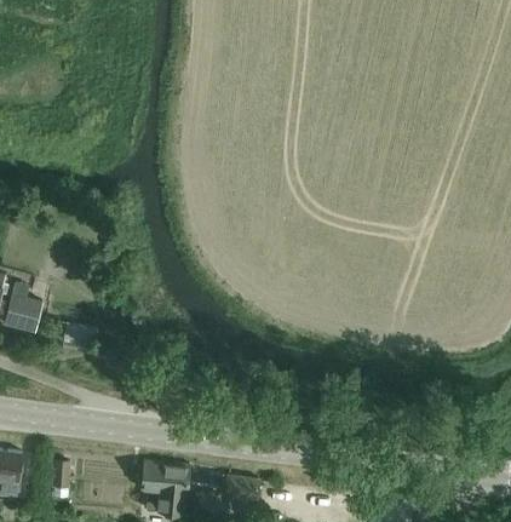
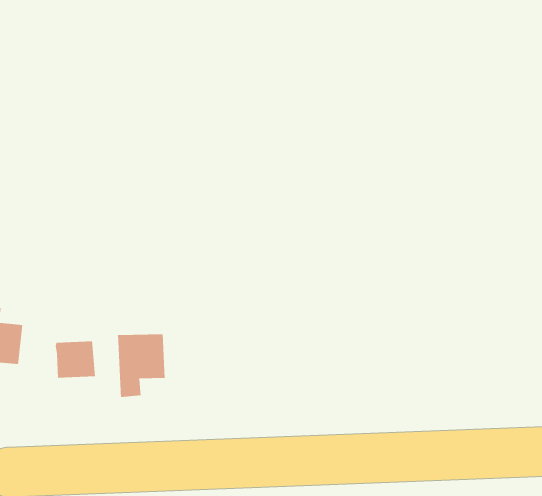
building: none -> [117,333,165,398]

